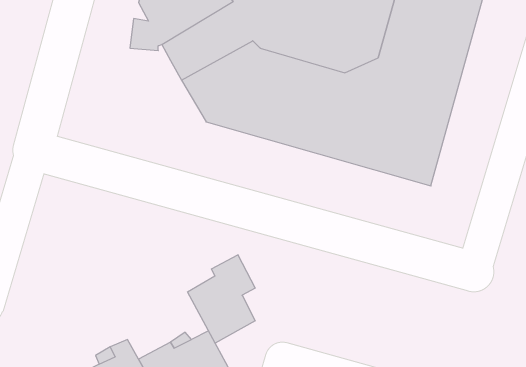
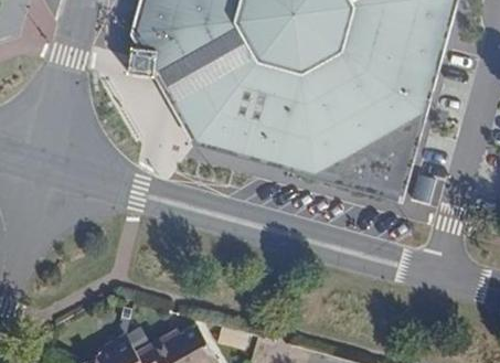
building: [188,255,255,343] -> none

